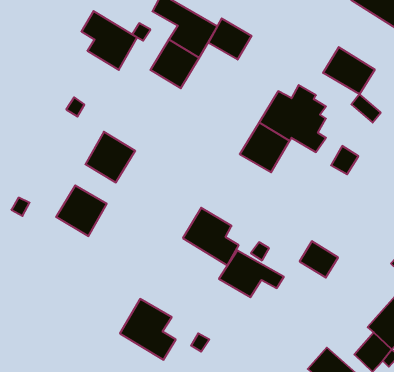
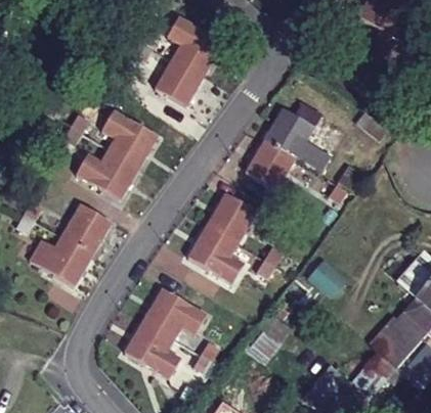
building: [81,11,137,70] -> [101,109,158,169]
building: [208,18,251,60] -> none
building: [323,47,375,94] -> none
building: none -> [206,194,256,244]
building: none -> [28,235,92,286]
building: [219,251,284,297] -> [144,289,210,336]

